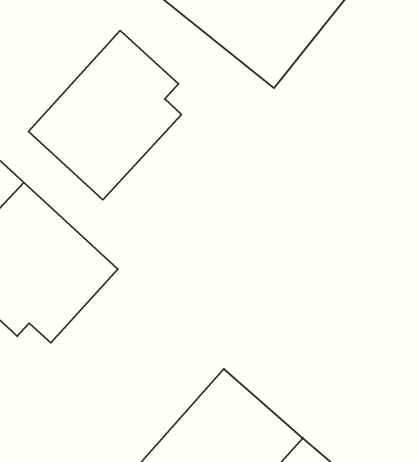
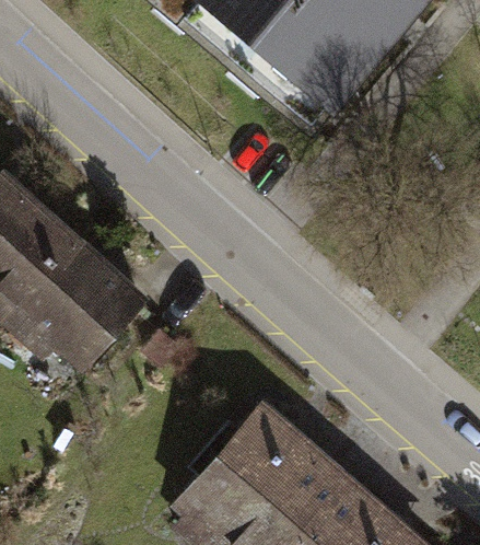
building: [29,31,181,200] -> none

